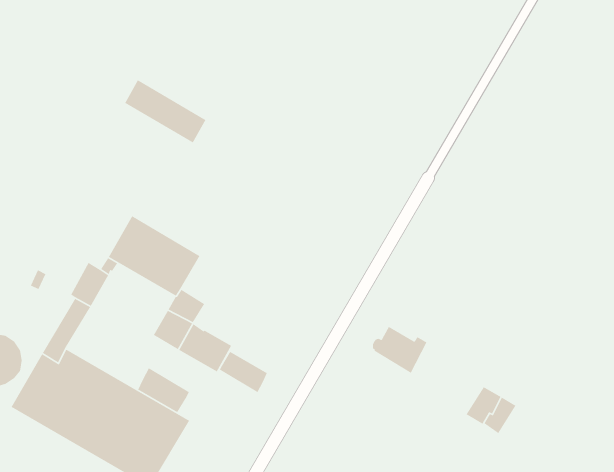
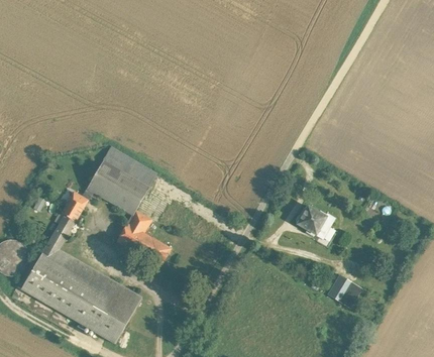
building: [124,79,206,144] -> [102,143,157,187]
building: [372,326,428,374] -> [296,206,333,238]
building: [219,351,268,393] -> none
building: [137,367,190,413] -> none

